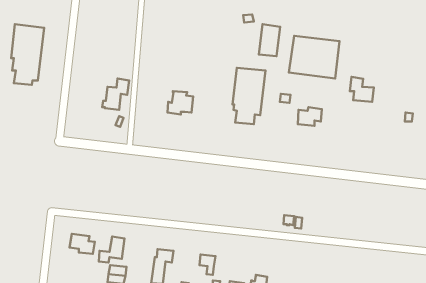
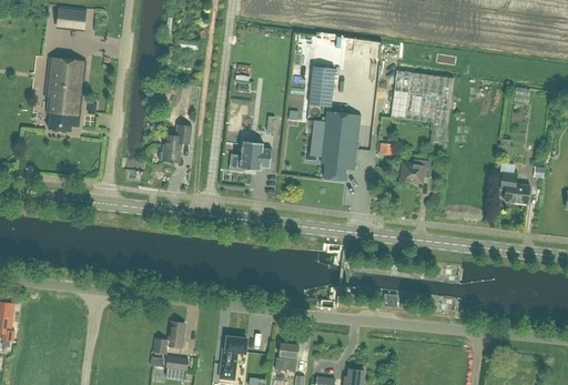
building: [259,24,280,56] -> [310,65,336,105]
building: [350,77,374,102] -> [499,172,529,203]
building: [70,234,95,254] -> none

